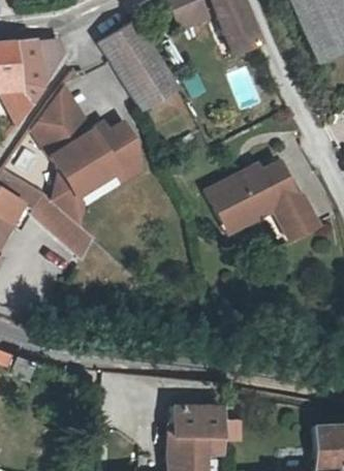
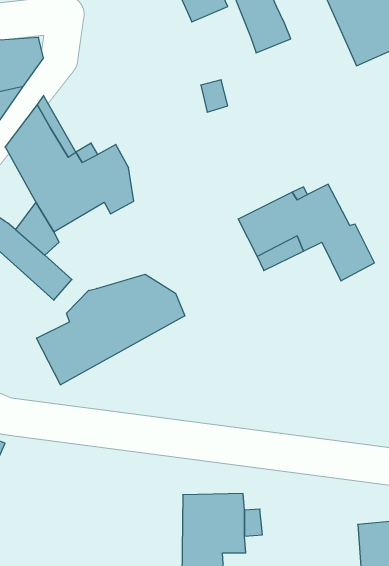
building: [100,20,176,109] -> none
building: none -> [36,274,185,385]

